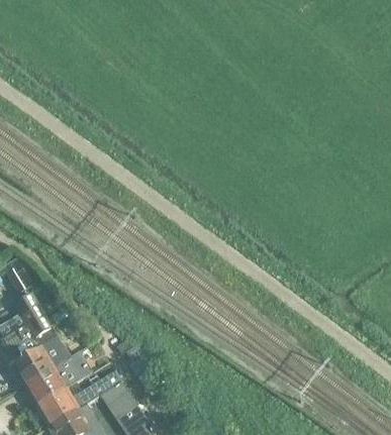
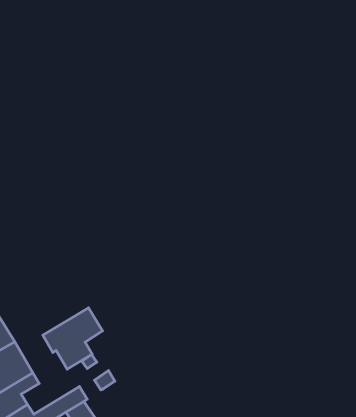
building: none -> [43,308,103,369]

